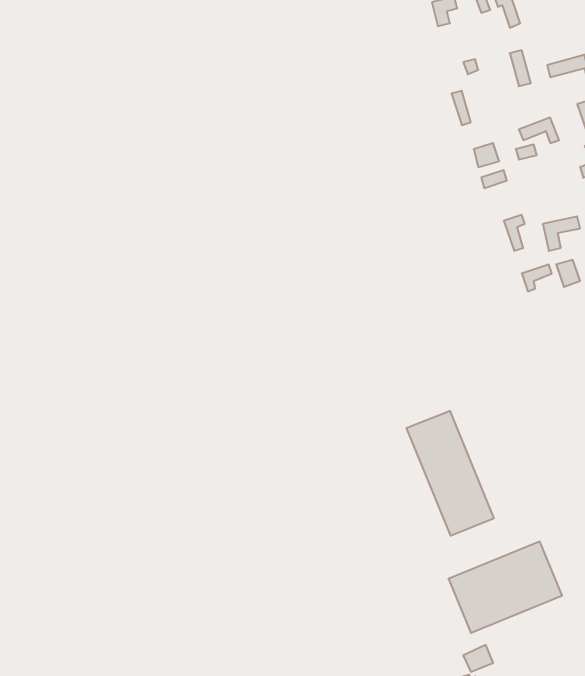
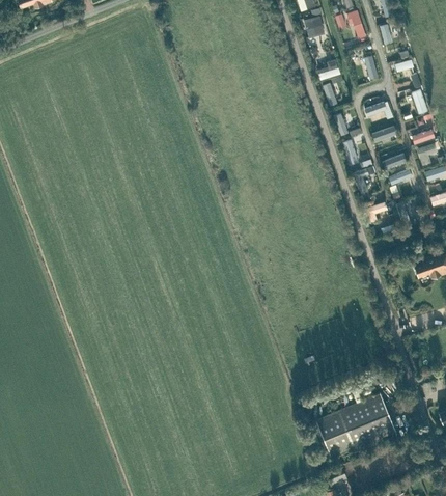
building: [407,411,494,536] -> none

